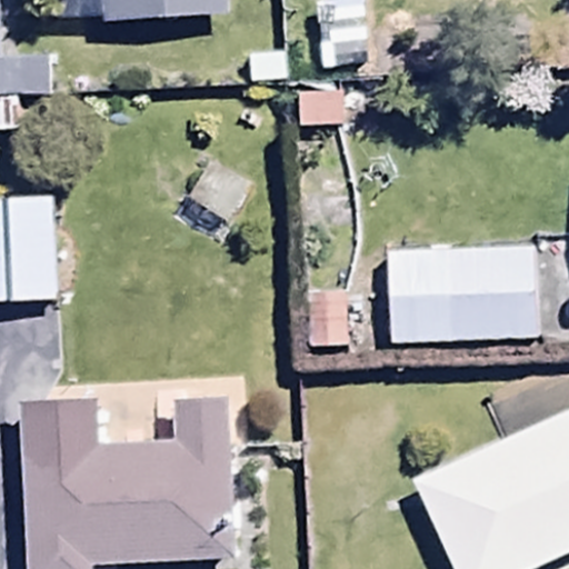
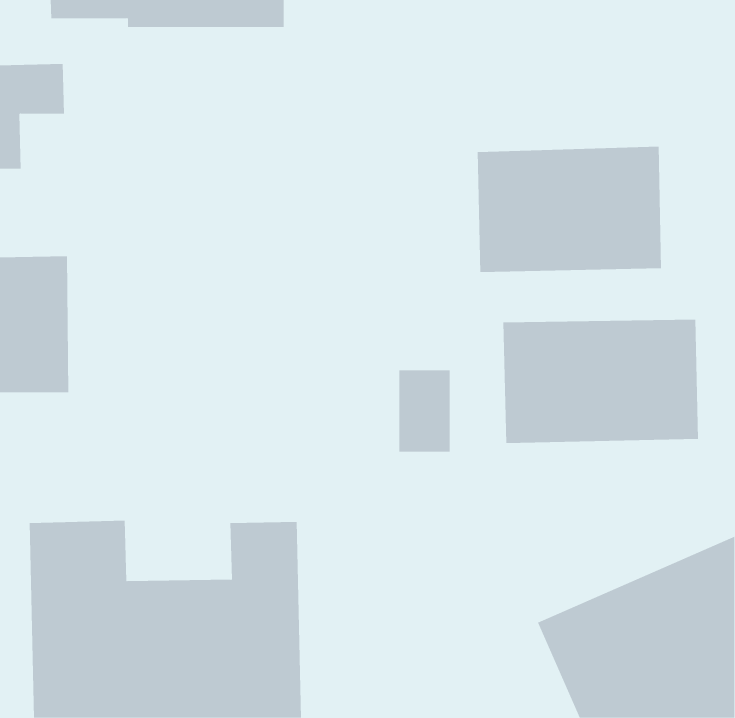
building: none -> [477,146,662,273]

